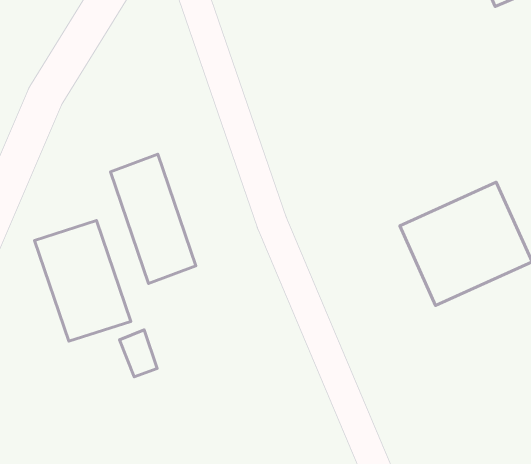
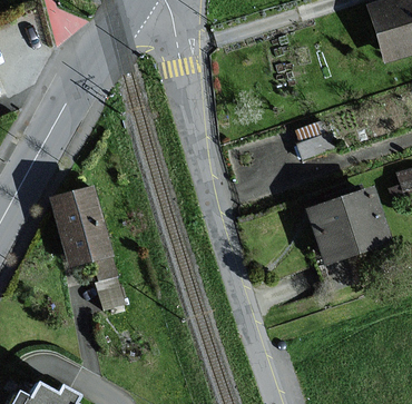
building: [110,154,196,283] -> none

